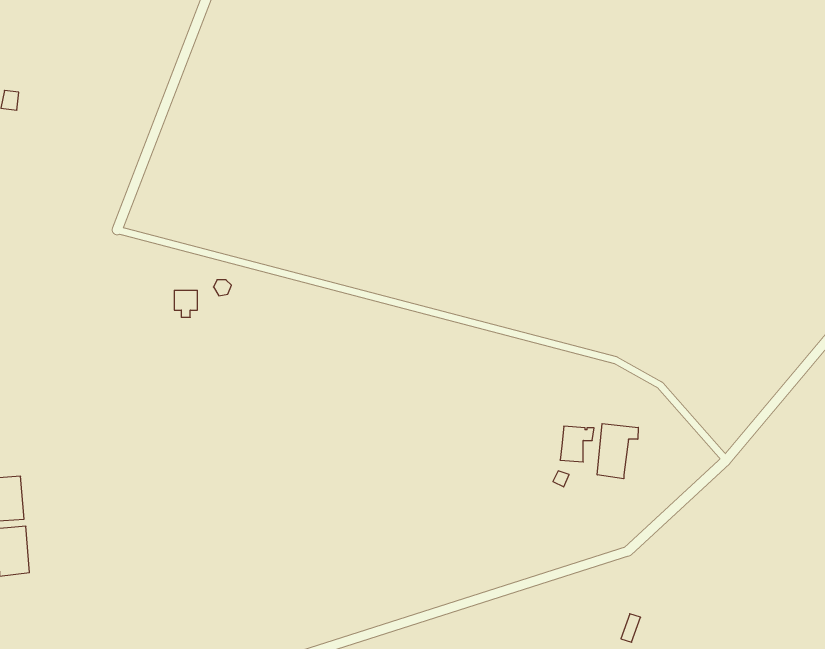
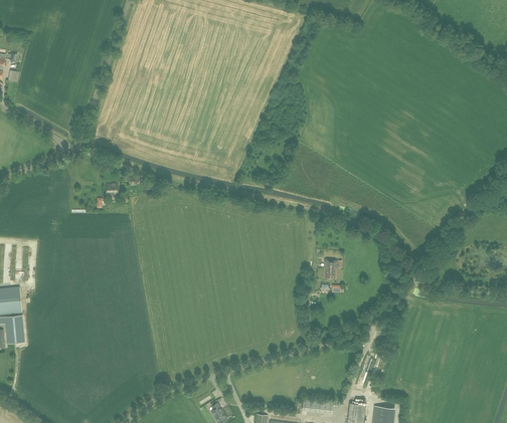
building: [597,424,638,479] -> none

